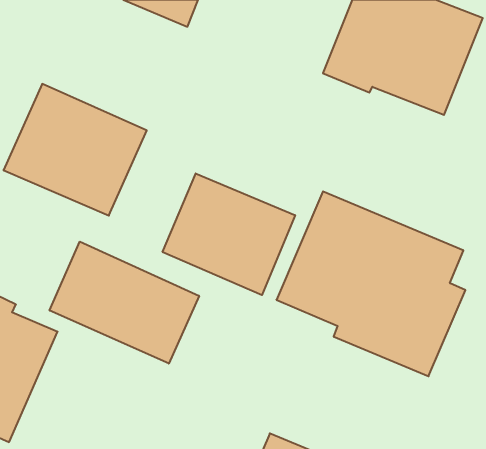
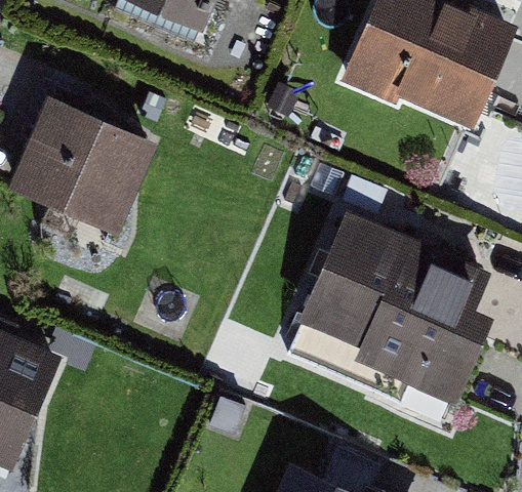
building: [163,173,295,295] -> none
building: [50,242,199,364] -> none

